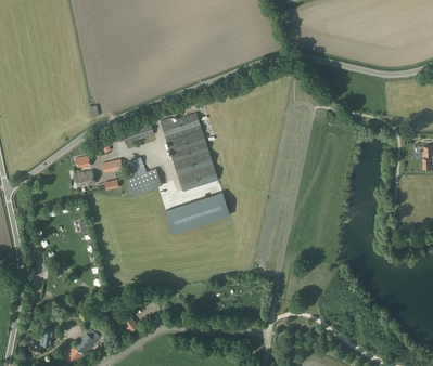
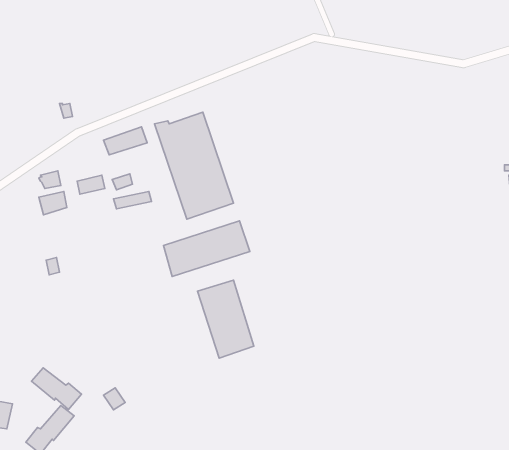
building: none -> [198,280,254,358]
building: none -> [32,368,81,409]

